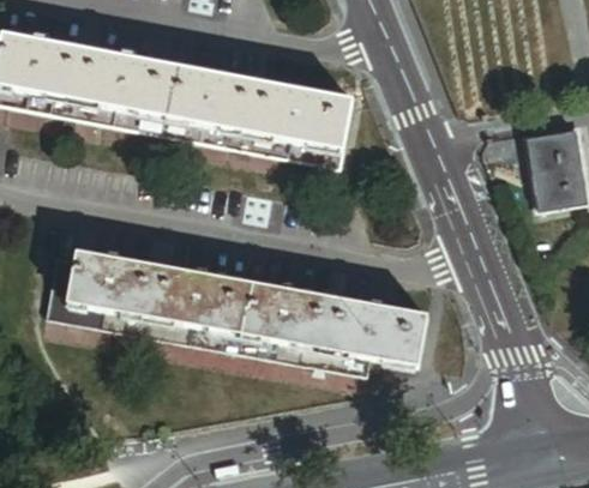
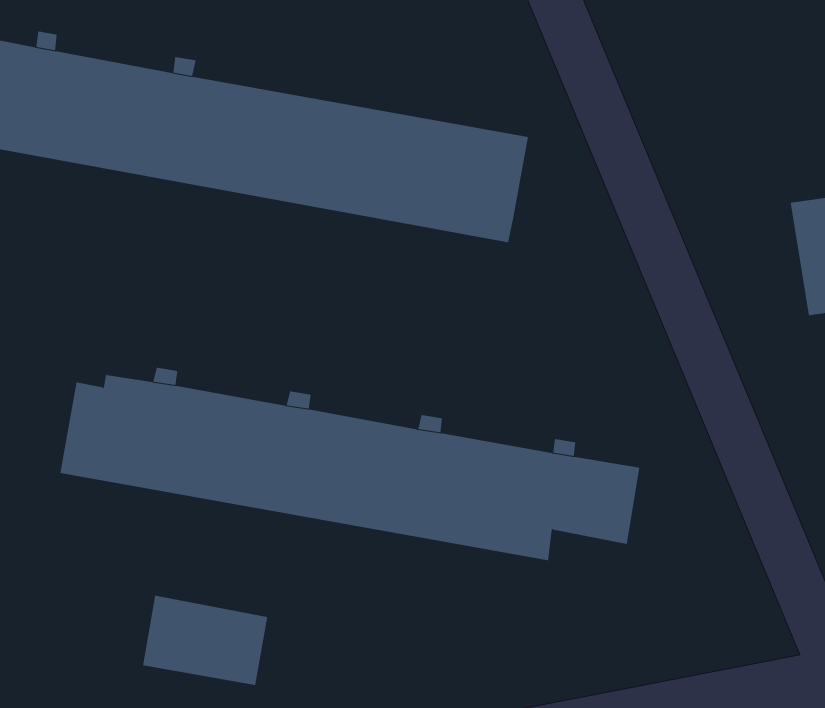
building: none -> [142,595,268,686]

